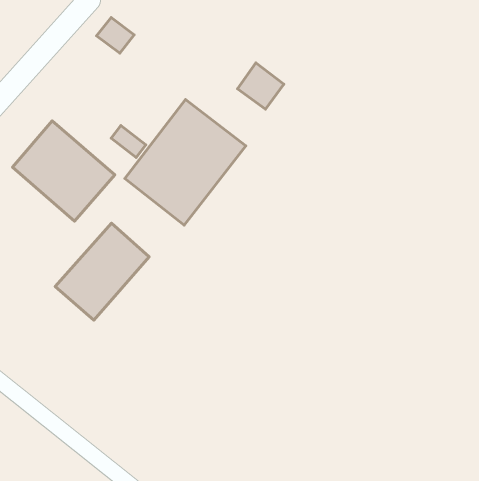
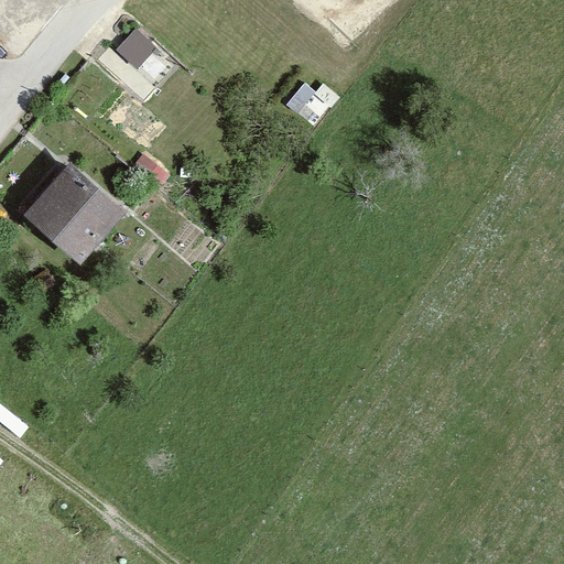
building: [125,99,246,225] -> none
building: [55,223,149,320] -> none

